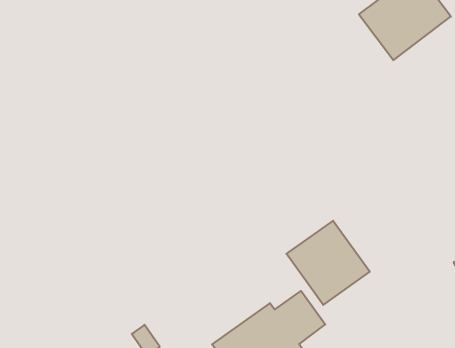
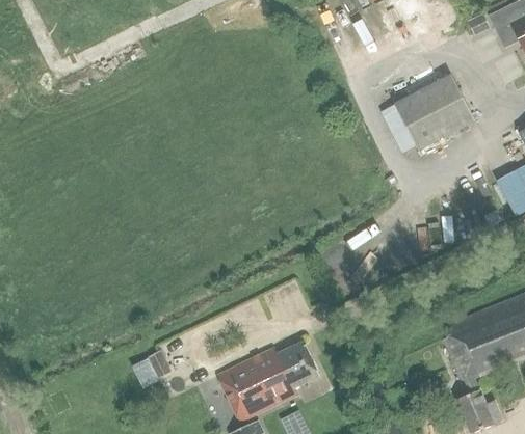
building: [286,221,370,305] -> none

